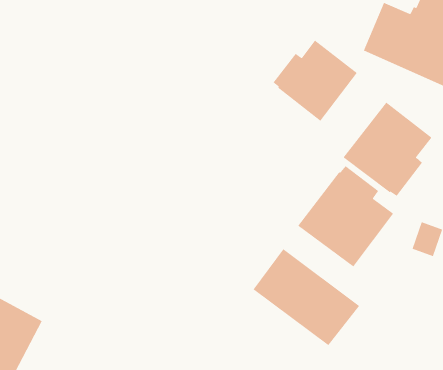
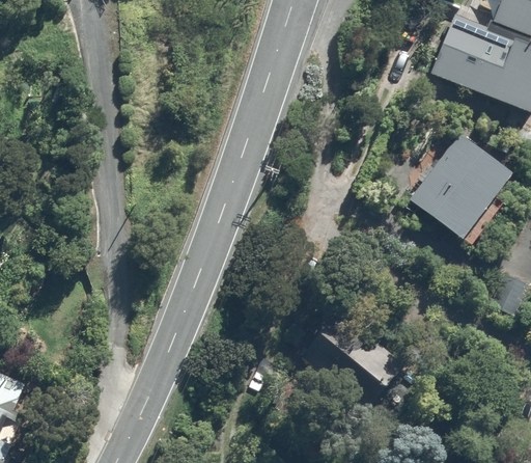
building: [272,40,358,122] -> none
building: [297,165,394,268] -> none

